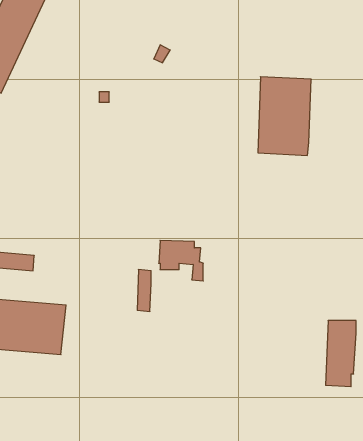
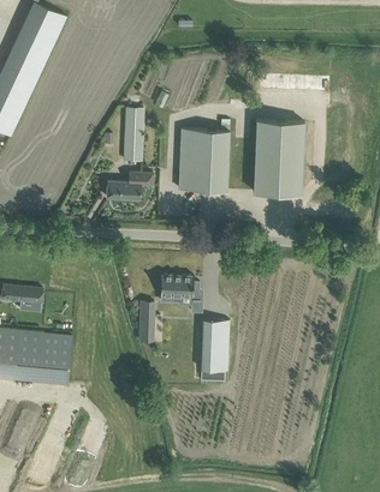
building: none -> [124,108,144,162]
building: none -> [178,120,230,191]
building: none -> [107,173,153,199]
building: [326,321,356,387] -> [201,320,230,383]

